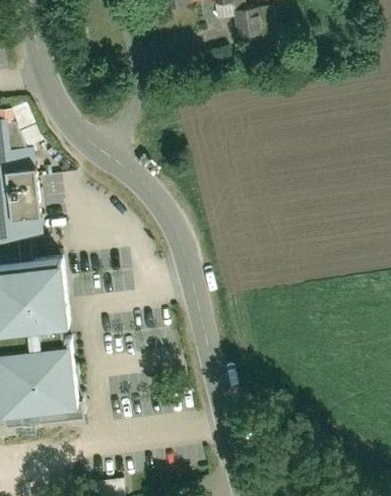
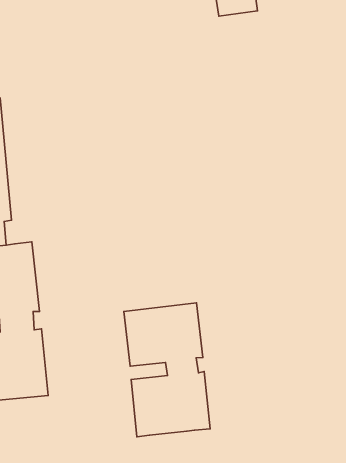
building: none -> [124,303,210,437]

